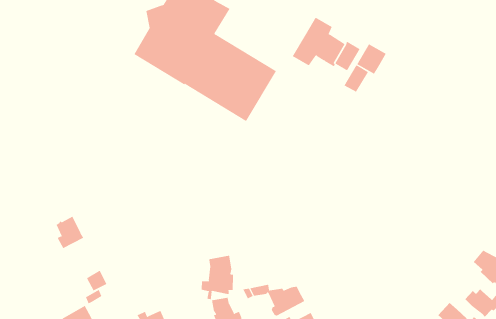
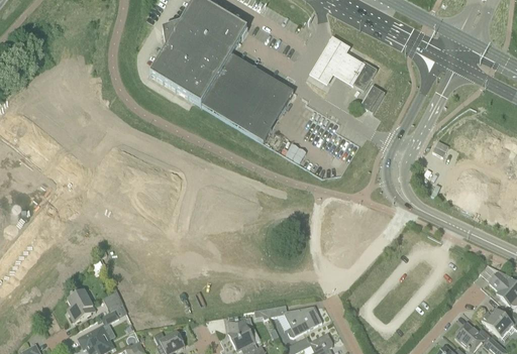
building: [356,44,386,74] -> none
building: [56,216,84,249] -> [68,288,96,322]
building: [201,255,234,300] -> none

